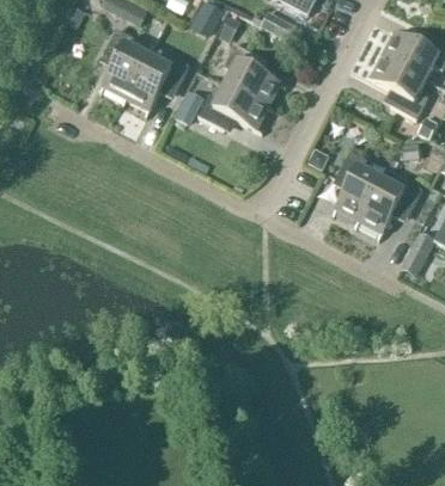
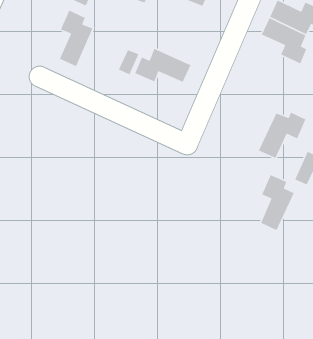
building: [224,45,285,109] -> none
building: [122,54,187,116] -> none
building: [333,150,380,226] -> [260,174,295,231]

